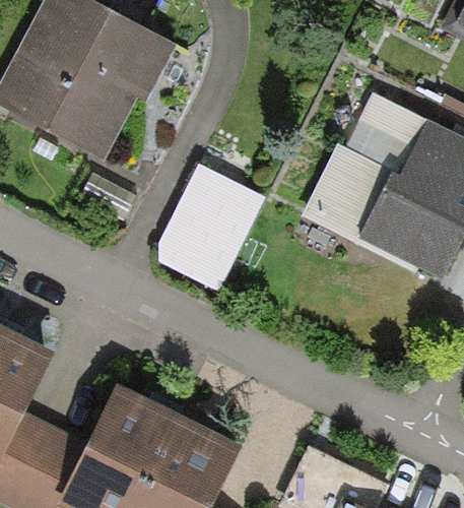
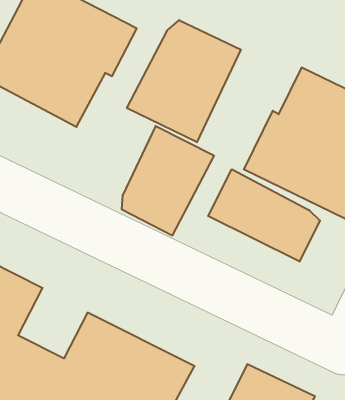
building: none -> [127,20,241,142]
building: none -> [208,169,320,262]

